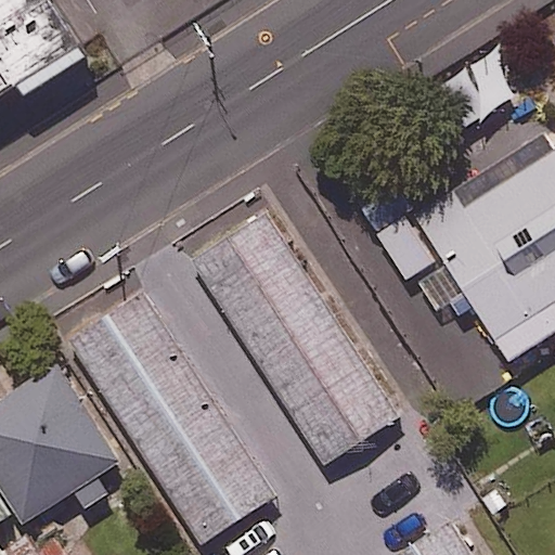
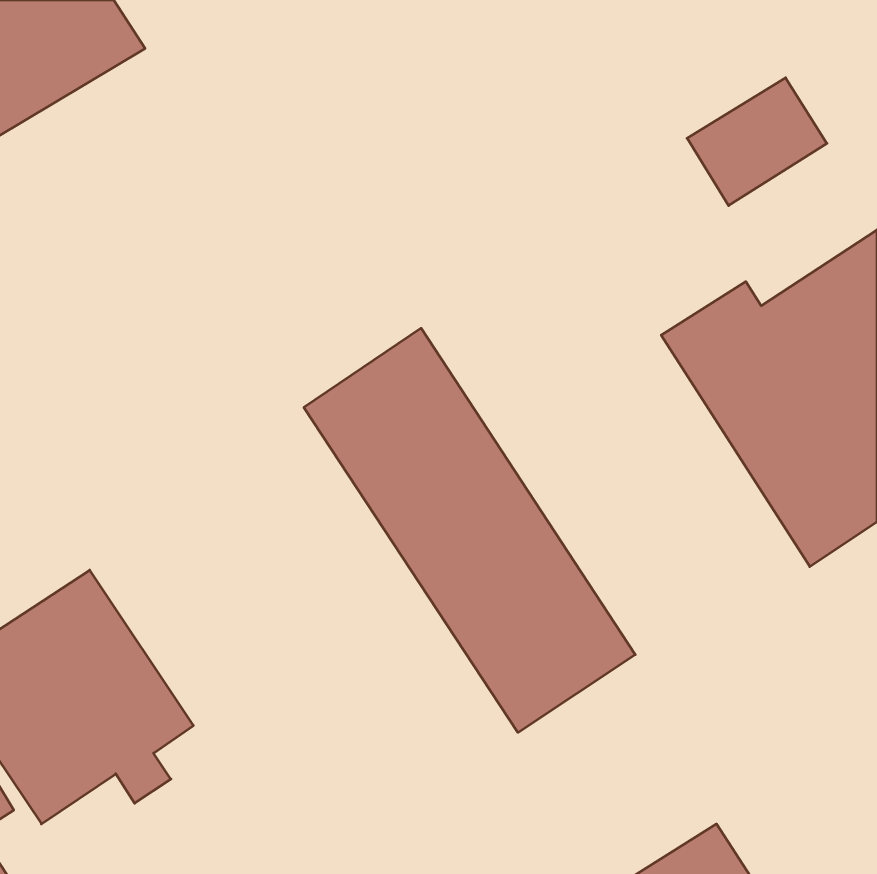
building: [68,294,275,545] -> none

